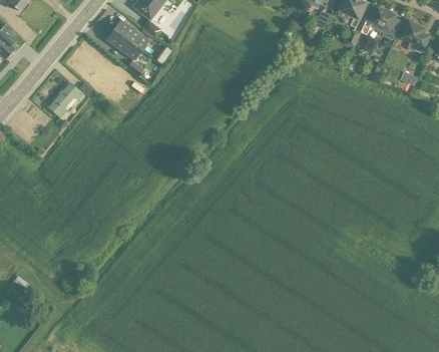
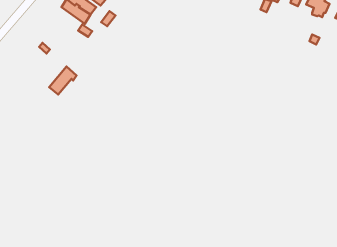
building: [48,82,81,116] -> [49,66,76,95]

